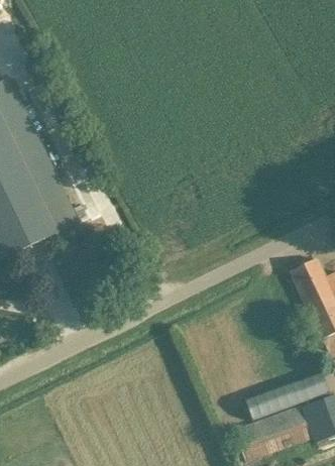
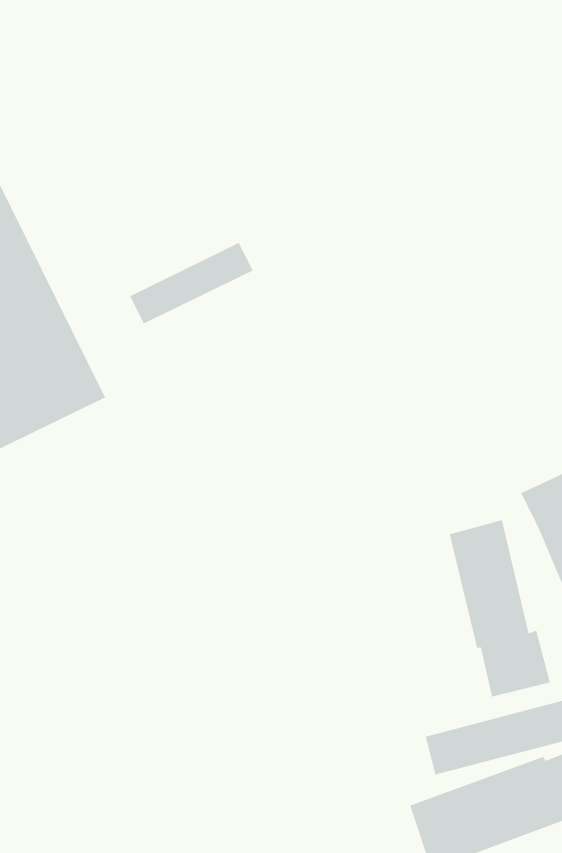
building: none -> [129,242,254,325]
building: none -> [449,519,551,697]

